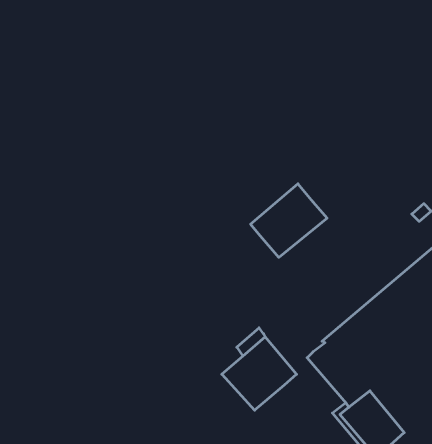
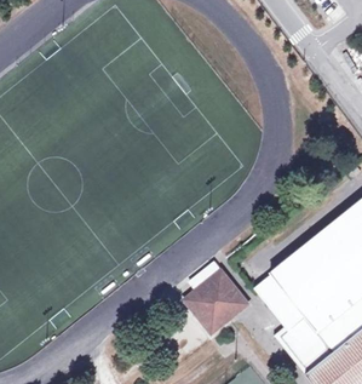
building: [251,184,327,257] -> none

